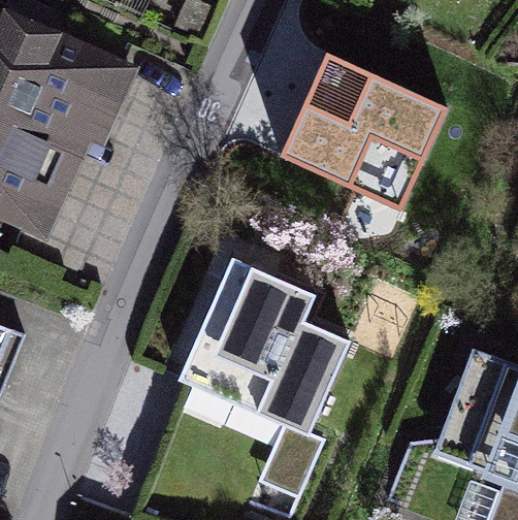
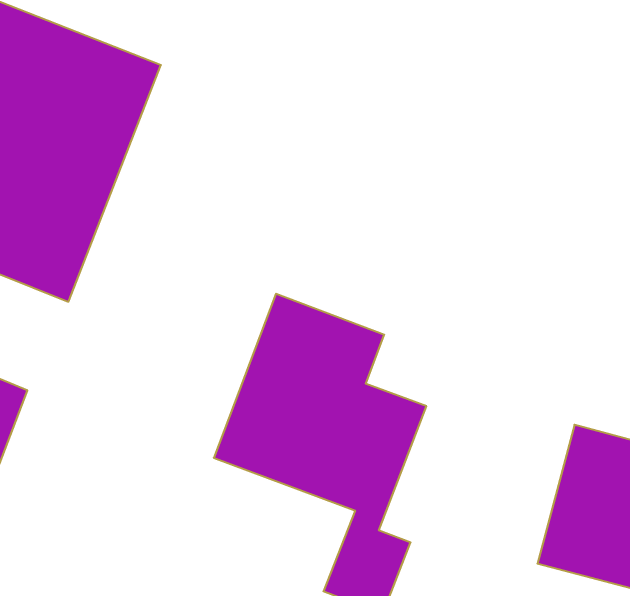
building: [273,51,450,193] -> none

